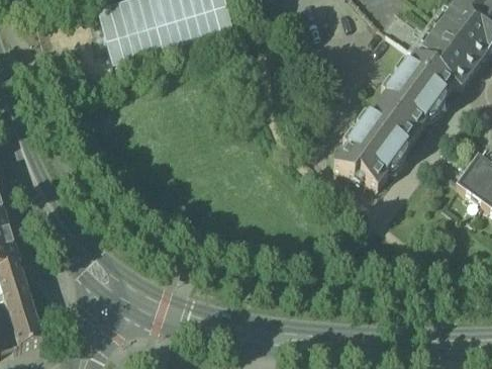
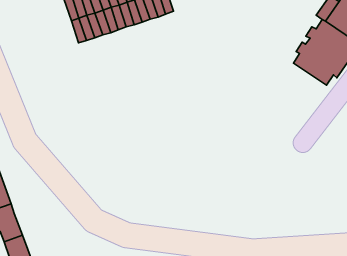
building: [333,103,415,184] -> none

